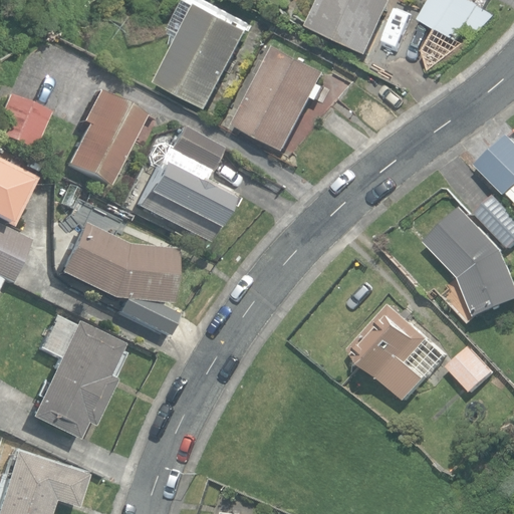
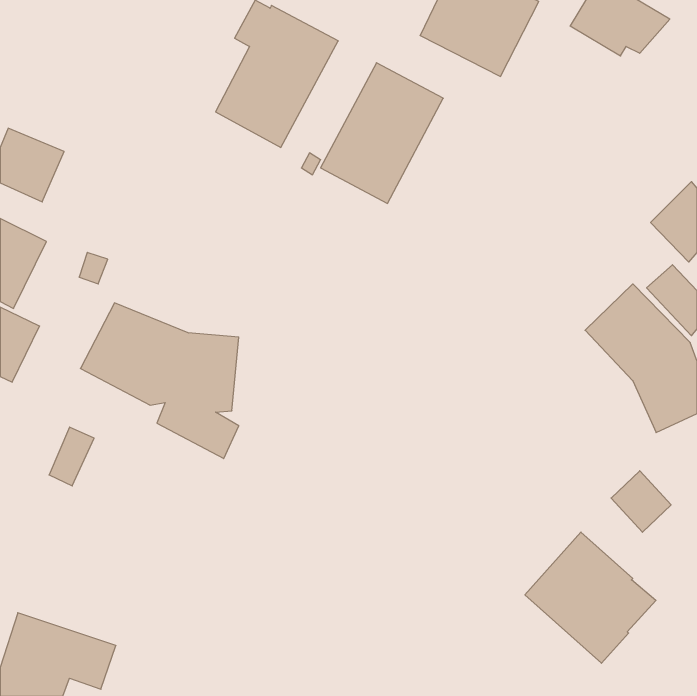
building: [64,89,144,186] -> none
building: [135,126,231,243] -> none
building: [350,303,447,400] -> [525,532,656,663]
building: [29,323,122,441] -> none

